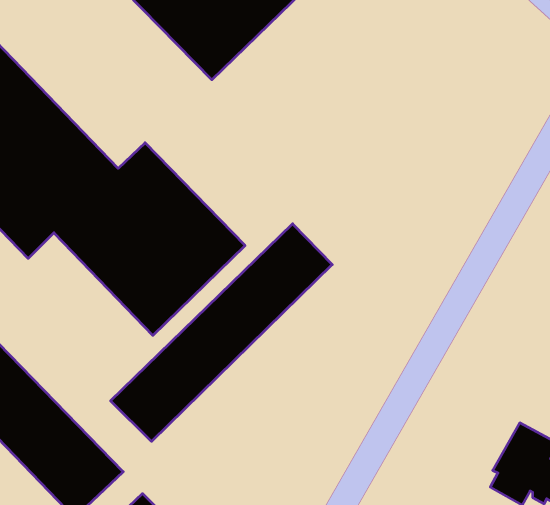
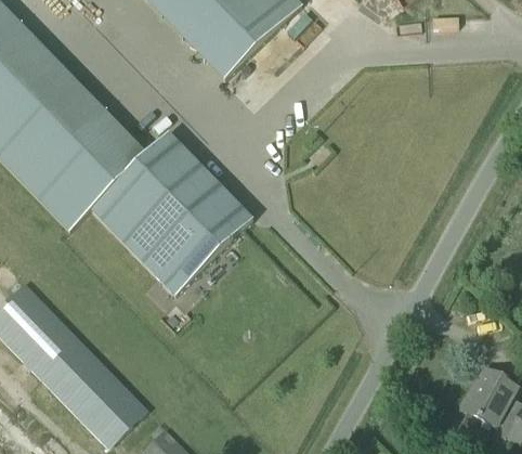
building: [111,224,332,441] -> none

